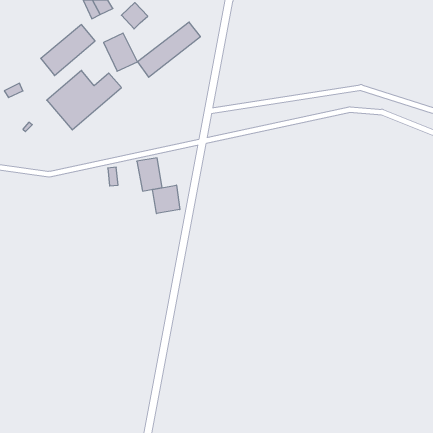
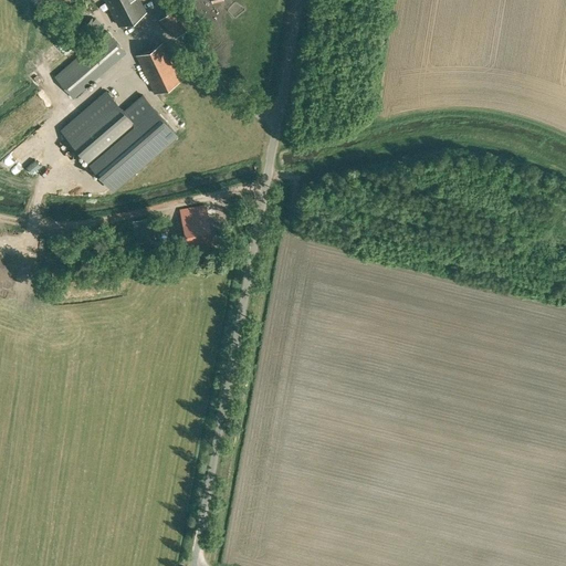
building: [138,22,200,77] -> [97,116,179,188]
building: [152,185,180,214] -> none

